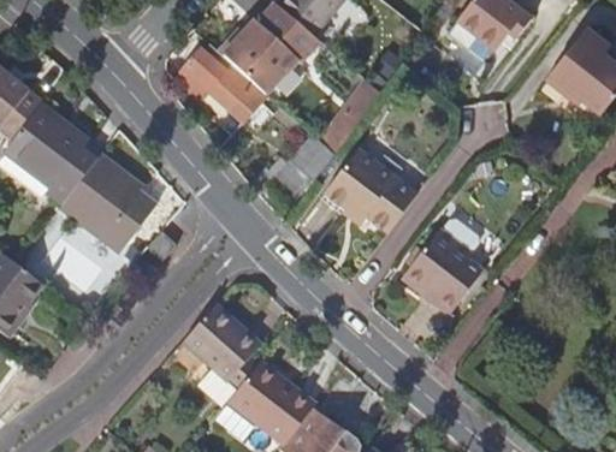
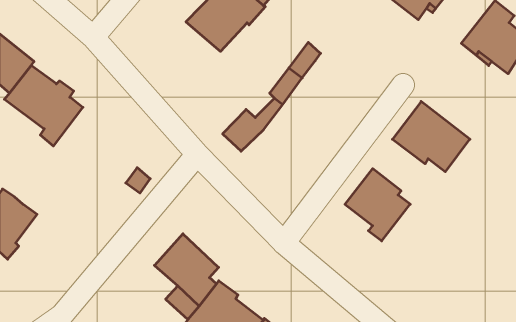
building: [174,44,266,119] -> none
building: [328,145,420,228] -> [392,101,470,172]
building: [63,149,158,249] -> none

